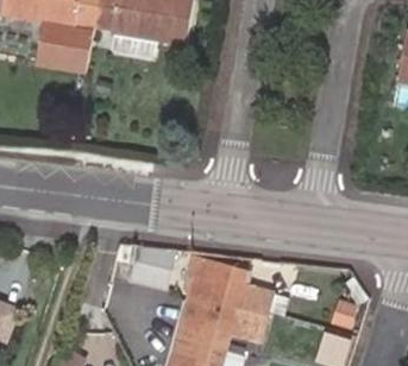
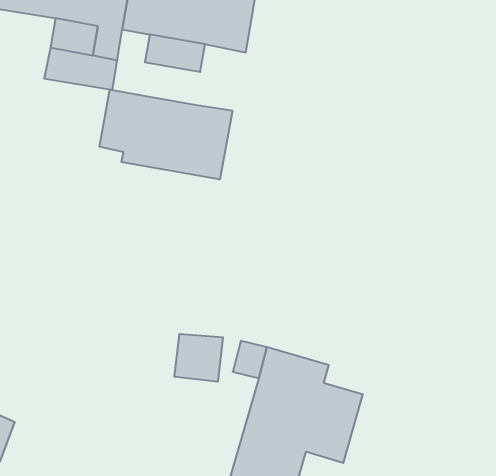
building: none -> [100,89,232,179]

